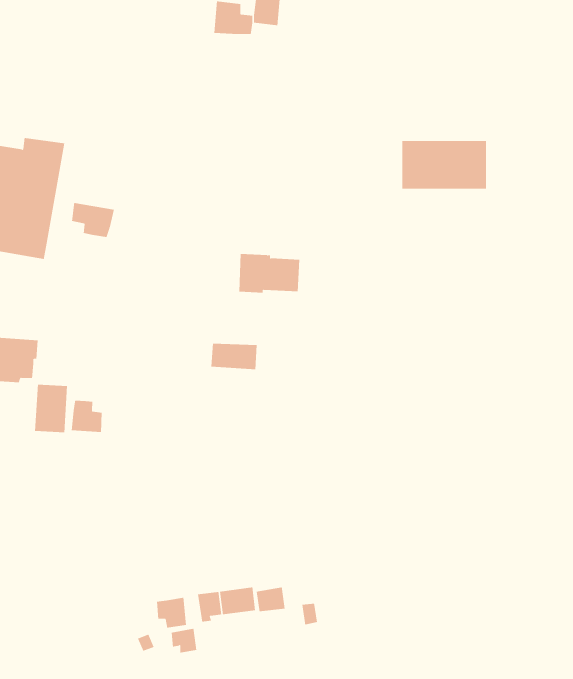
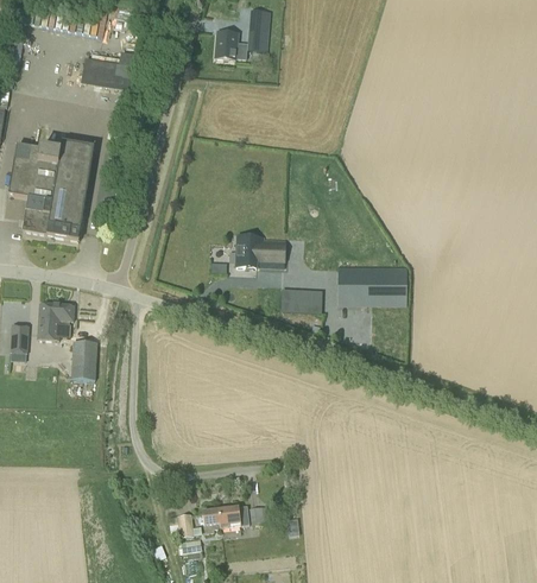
building: none -> [81,52,138,91]
building: [402,141,487,189] -> [337,266,406,305]
building: [71,202,114,238] -> none
building: [211,343,258,370] -> [282,291,320,312]
building: [71,400,102,433] -> none

